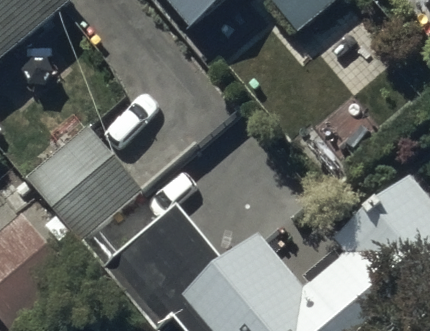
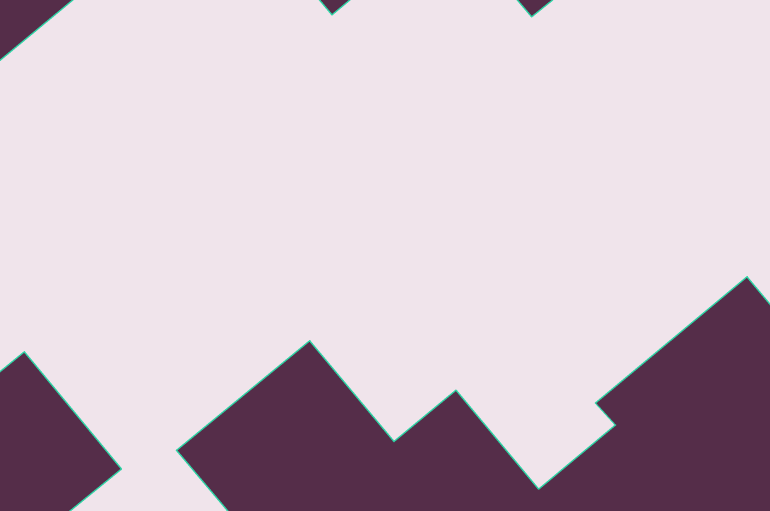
building: [25,124,141,240] -> none

